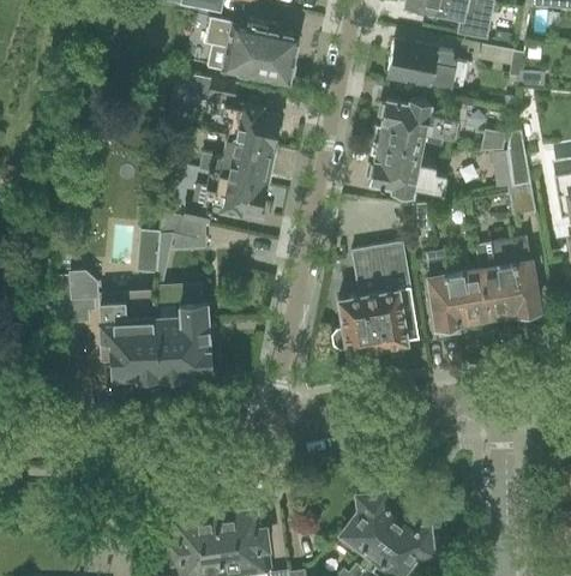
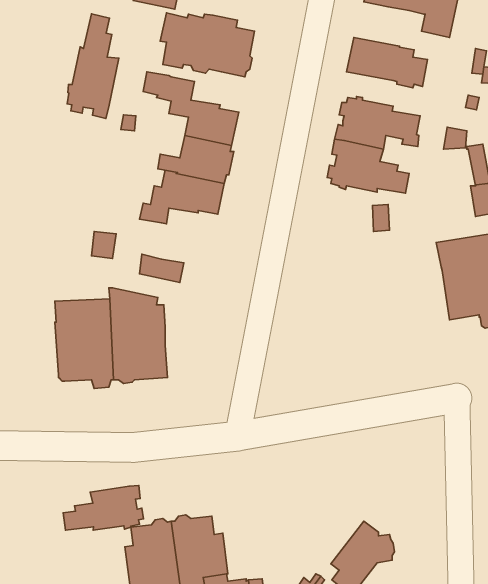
building: none -> [67,14,119,119]
building: [163,214,206,241] -> [140,254,184,282]
building: [332,242,421,352] -> none
building: [427,251,488,337] -> none
building: [61,272,97,320] -> none
building: none -> [63,485,144,530]
building: [336,490,404,559] -> none

